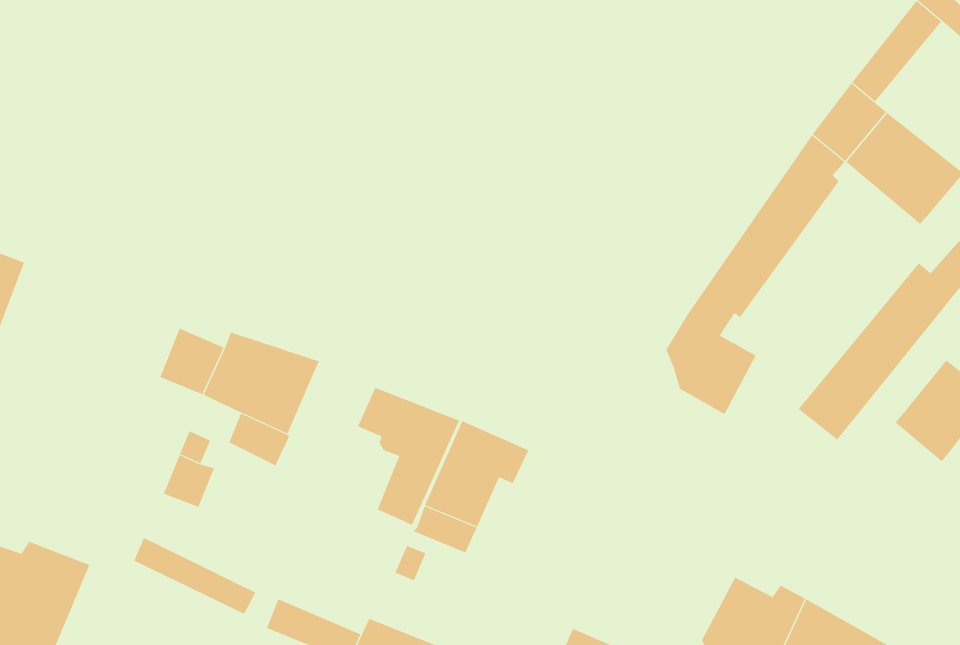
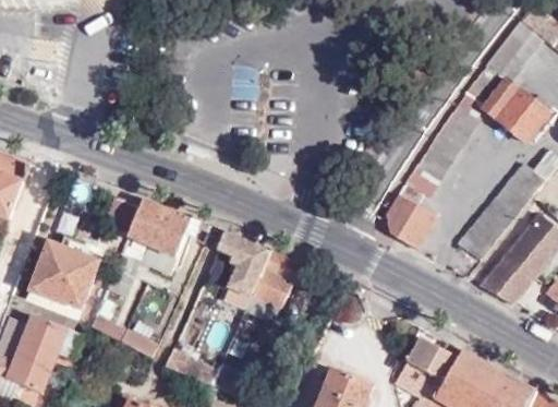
building: none -> [24,241,99,321]
building: none -> [482,251,536,301]

